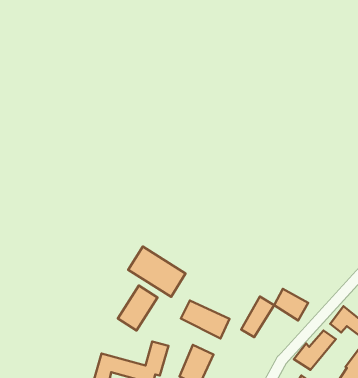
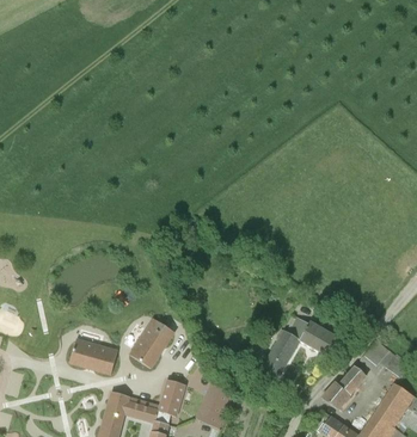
building: [128,246,186,297] -> none
building: [181,300,229,338] -> none
building: none -> [69,339,117,374]

